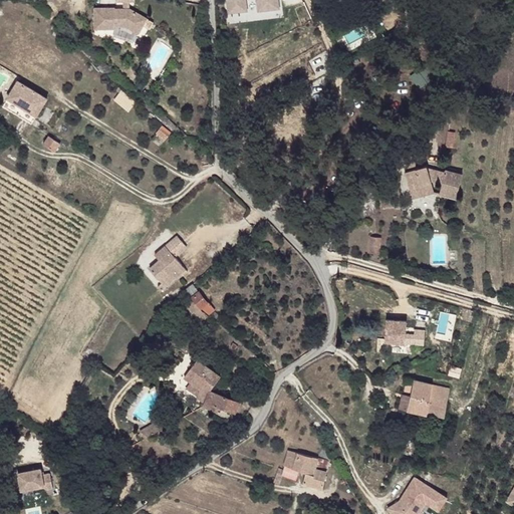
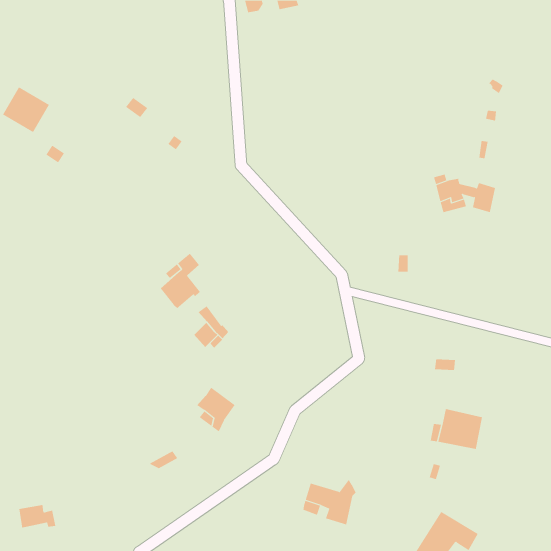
building: [93,9,147,34] -> none
building: [383,320,406,344] -> none
building: [203,392,238,413] -> none

